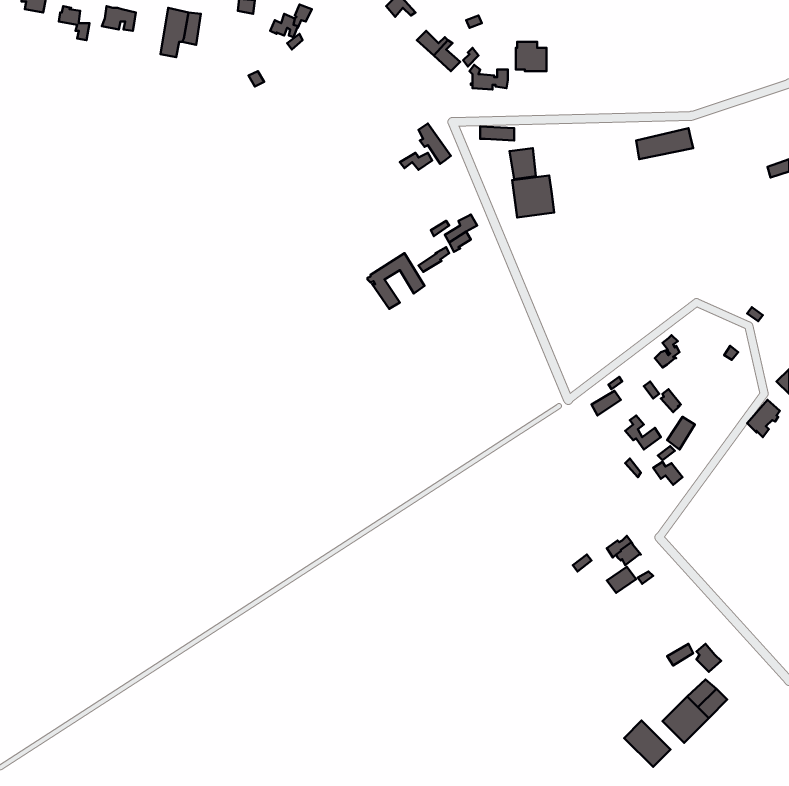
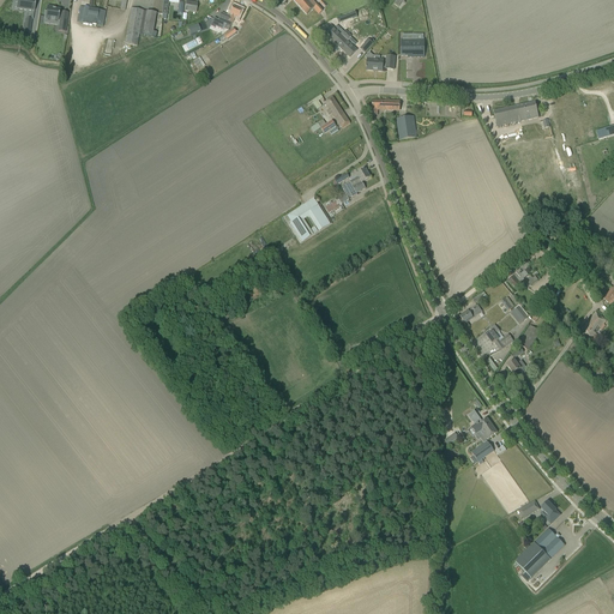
building: [512,175,554,218] -> none
building: [624,721,671,767] -> none

